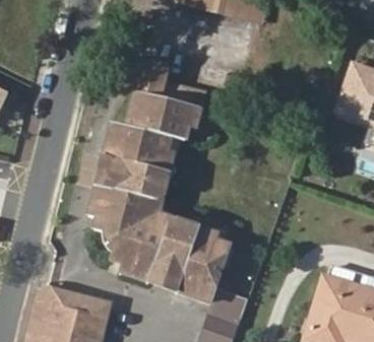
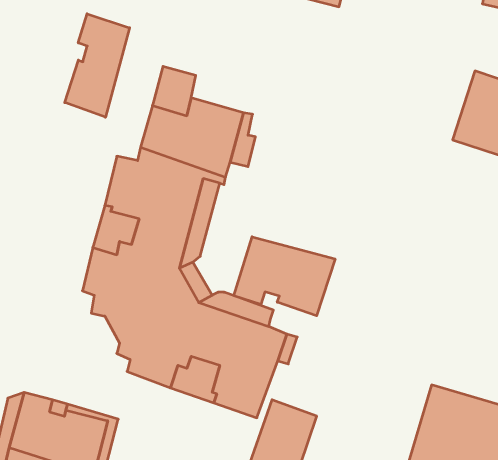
building: none -> [65,14,130,117]
building: none -> [234,237,335,316]

